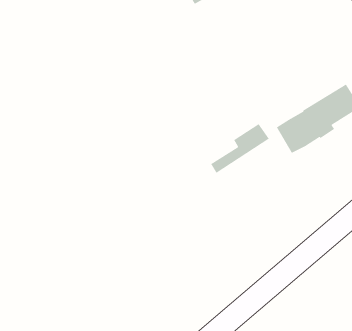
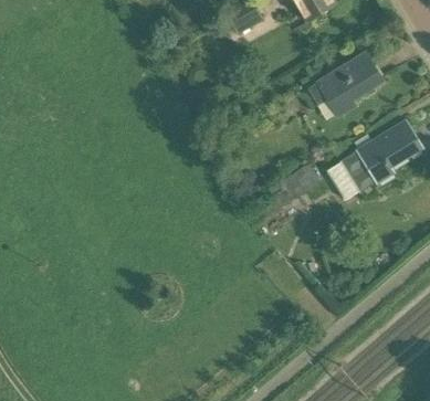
building: none -> [308,53,381,116]

